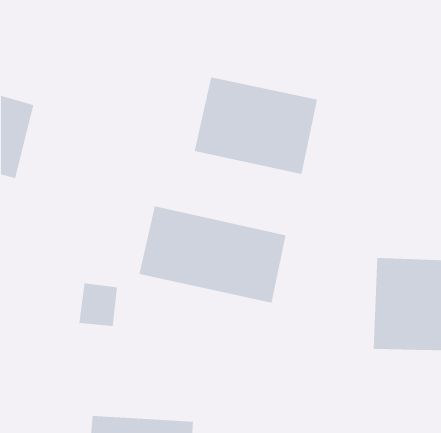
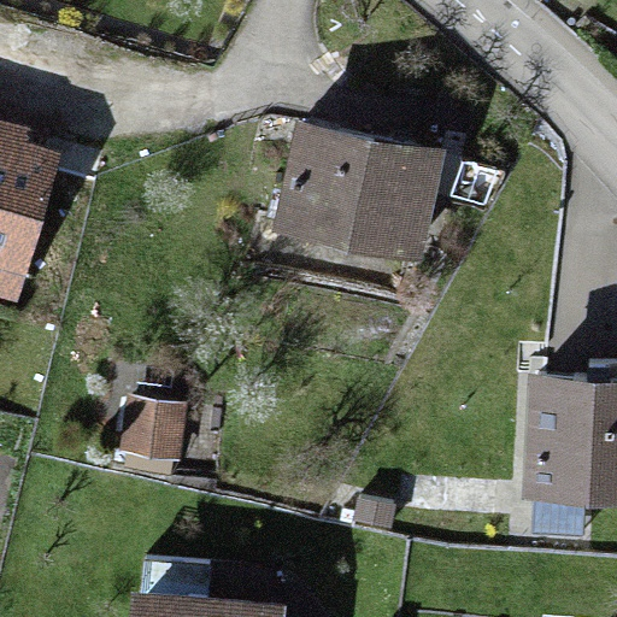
building: [139,206,286,304] -> none

